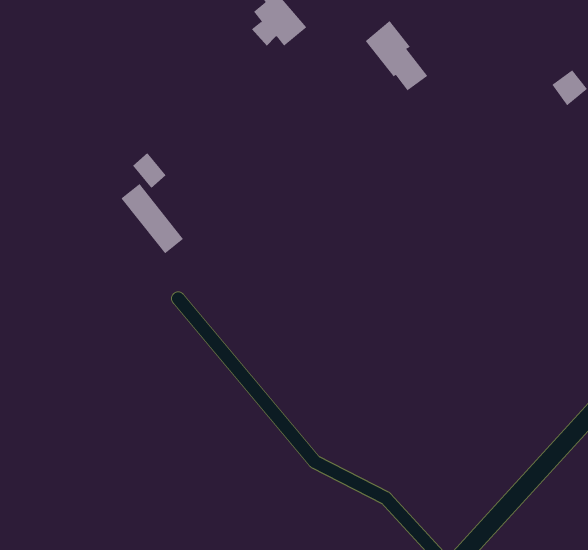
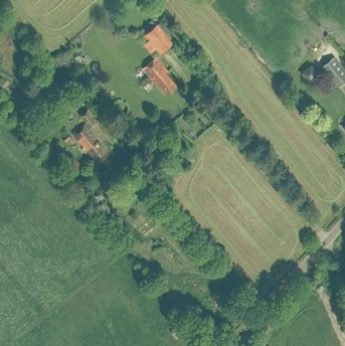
building: [365,20,428,91] -> [143,58,176,96]

